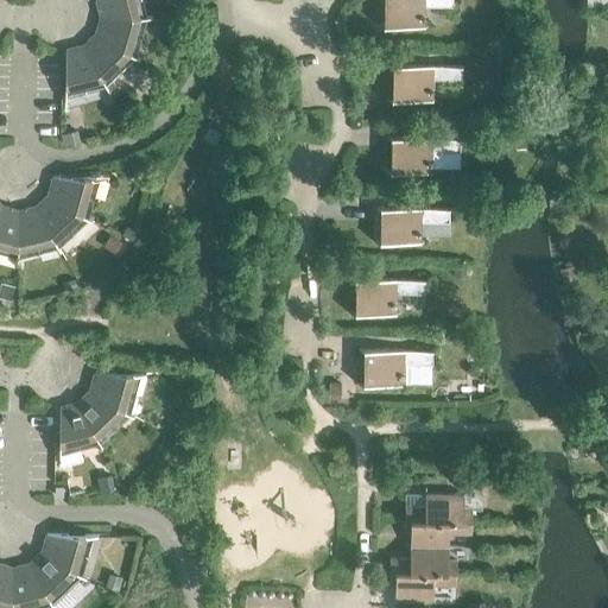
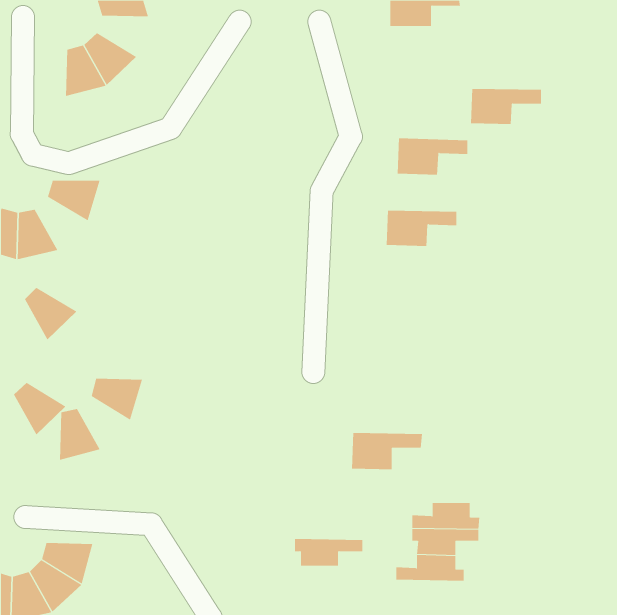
building: [96,18,147,58] -> none
building: [392,66,462,102] -> [470,88,542,125]
building: [36,196,88,248] -> [24,287,77,340]
building: [355,280,425,316] -> none
building: [363,350,433,387] -> [351,433,423,470]
building: [77,392,129,444] -> [13,382,66,435]
building: [390,572,457,600] -> [294,538,363,566]

